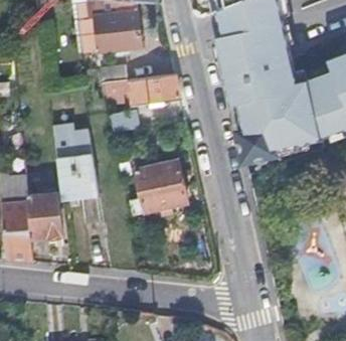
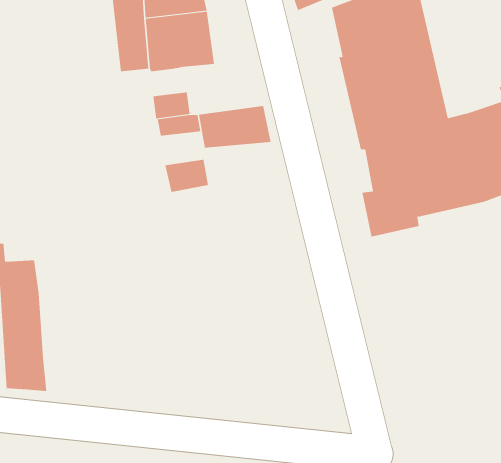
building: [54,127,98,200] -> none
building: [132,162,187,216] -> none
building: [27,195,60,240] -> none

